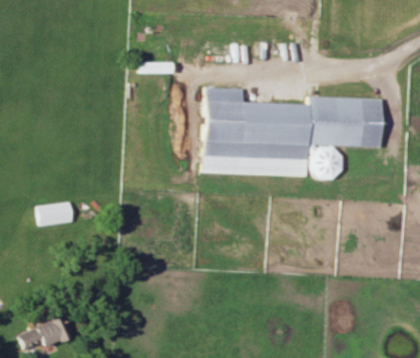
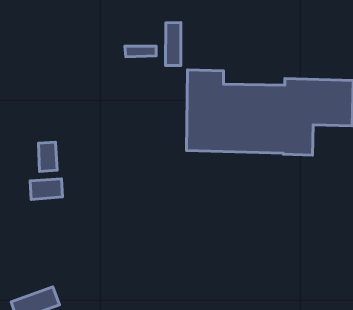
building: none -> [166,22,181,66]
building: none -> [39,142,57,171]

